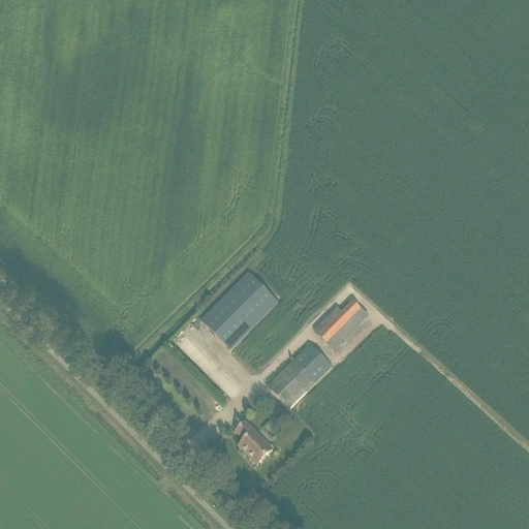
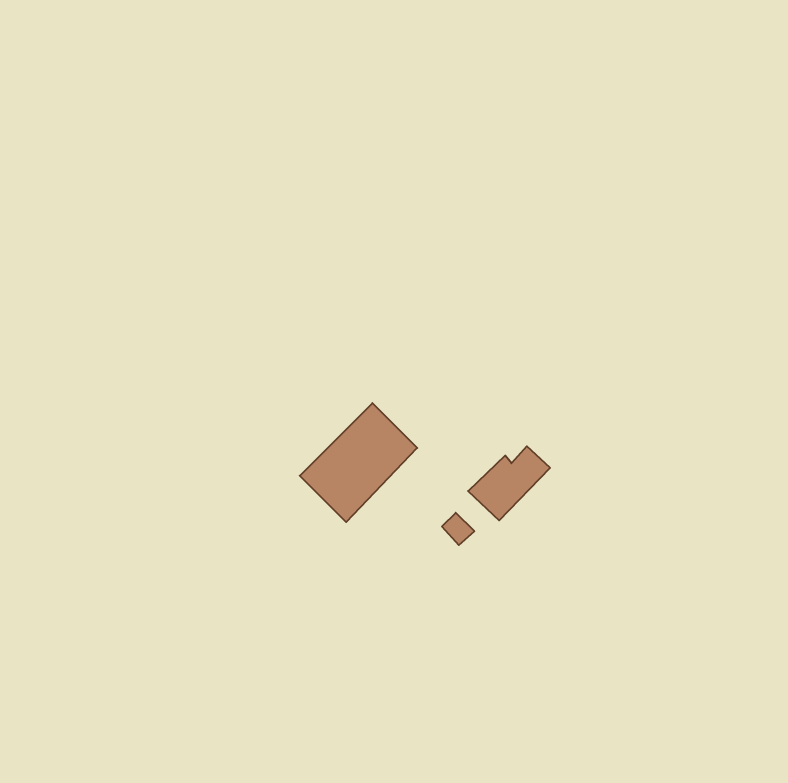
building: [268,357,317,407] -> none
building: [237,421,273,463] -> none

